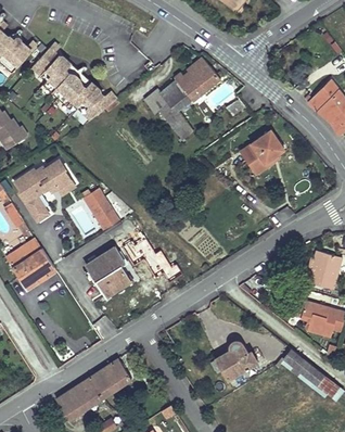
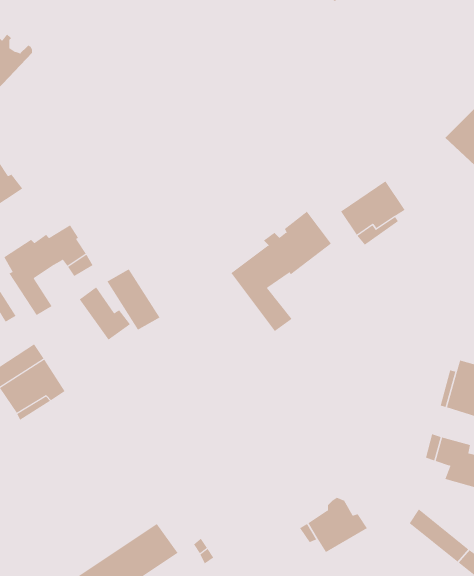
building: [31,42,115,119] -> none
building: [152,59,219,139] -> [230,211,332,332]
building: [86,247,129,296] -> none

